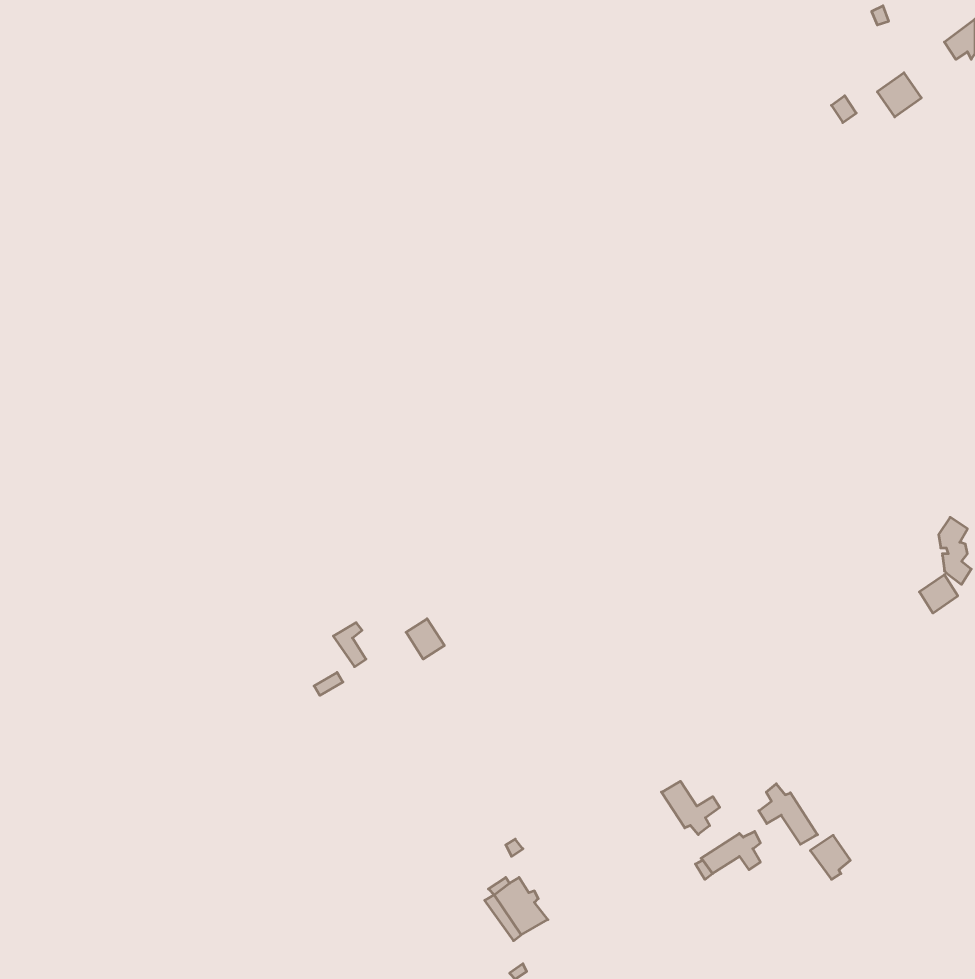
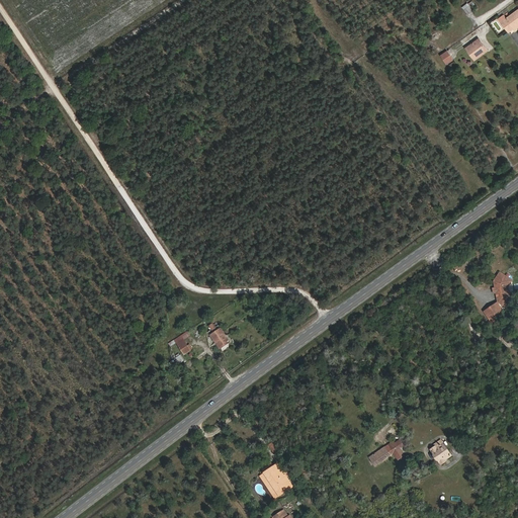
building: [661,781,720,835] -> none
building: [759,784,818,844] -> none

